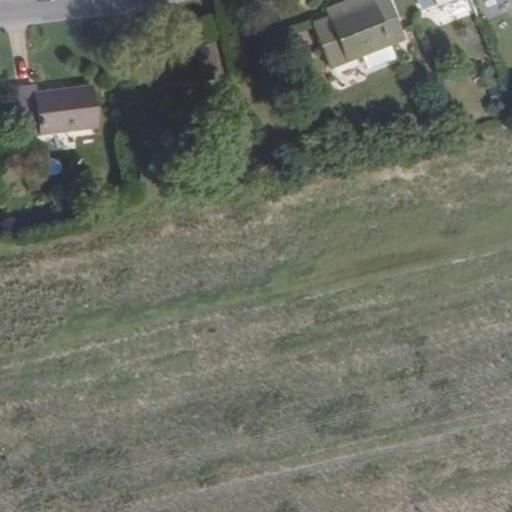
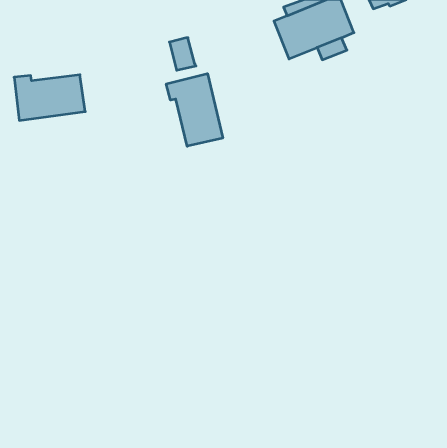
building: none -> [166,74,223,146]

